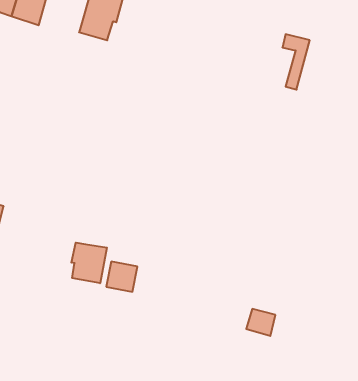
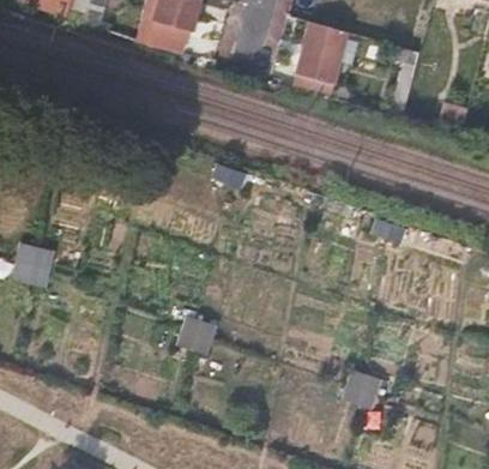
building: none -> [301,22,348,90]
building: [71,243,107,283] -> none

